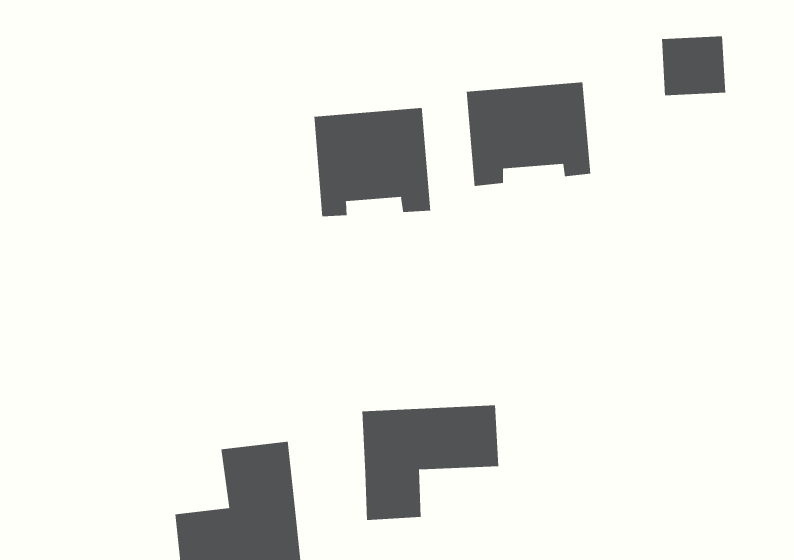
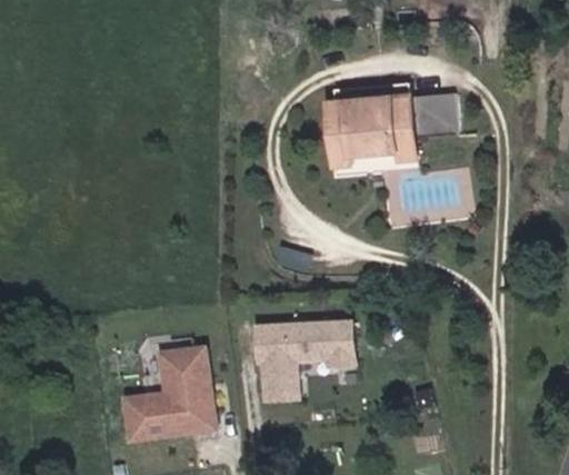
building: [661,36,726,96] -> [415,89,460,131]
building: [314,107,431,217] -> none

